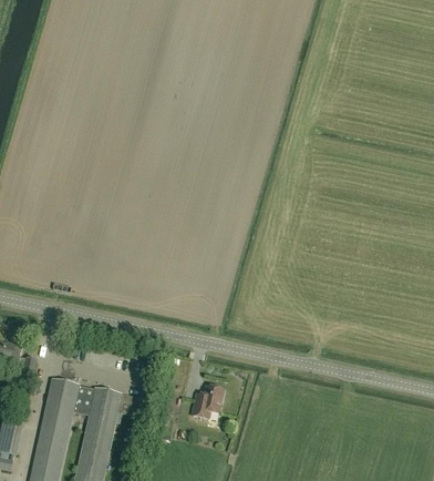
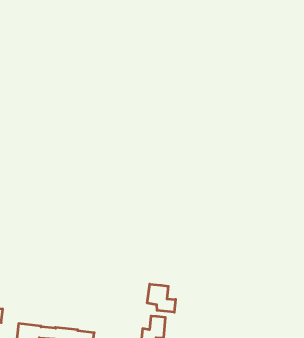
building: none -> [147,284,176,312]

